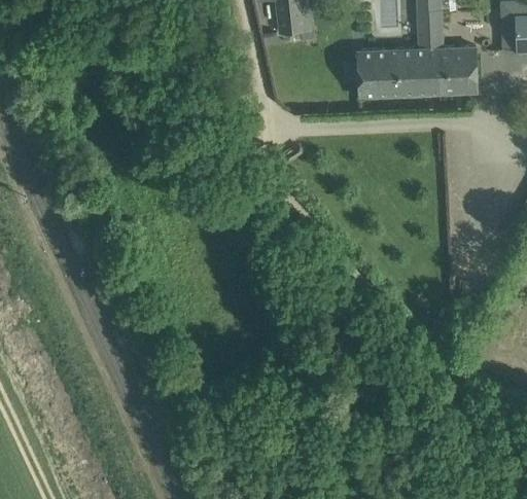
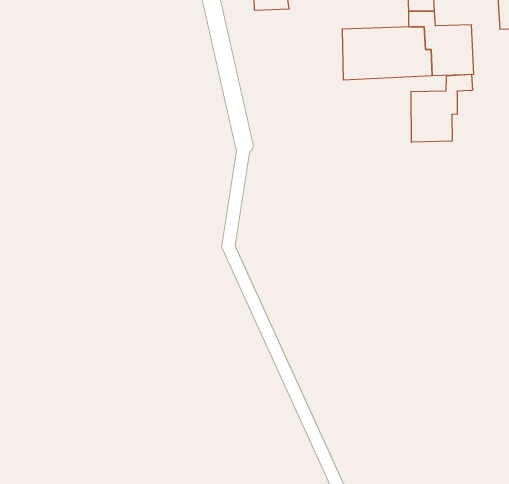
building: none -> [411,74,472,142]

